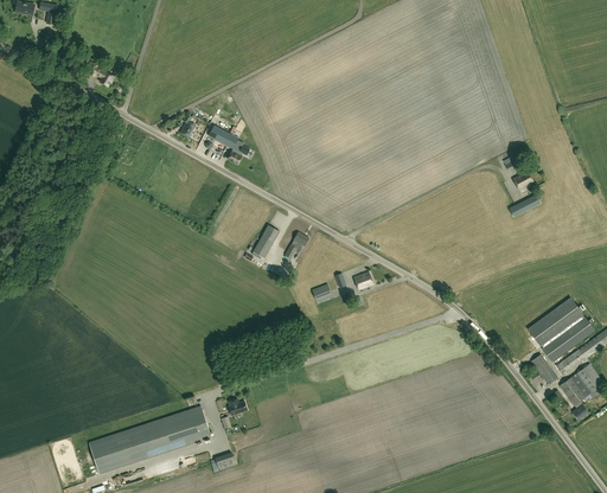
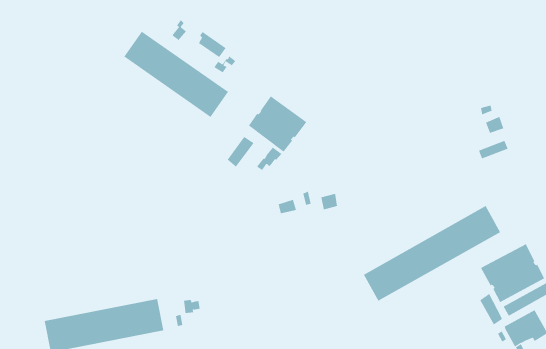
building: none -> [124,31,229,118]
building: none -> [248,95,307,152]
building: none -> [363,205,501,302]

